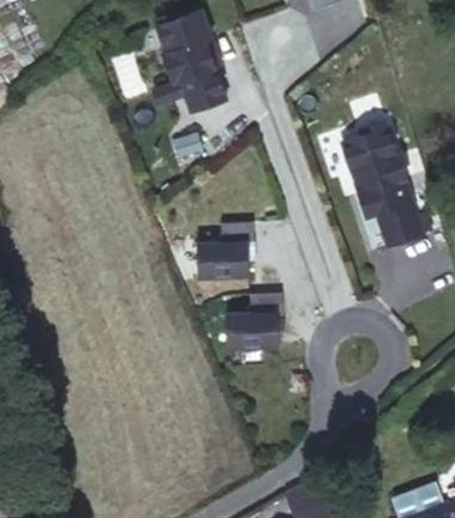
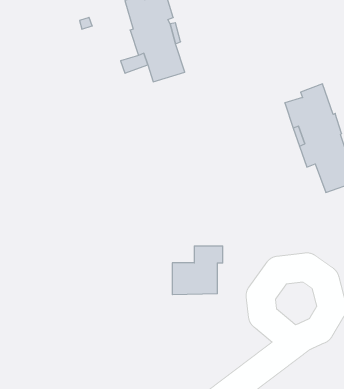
building: [187,231,245,287] -> none

